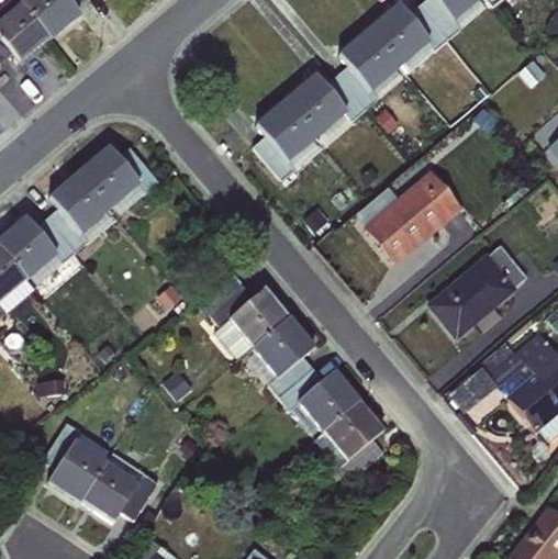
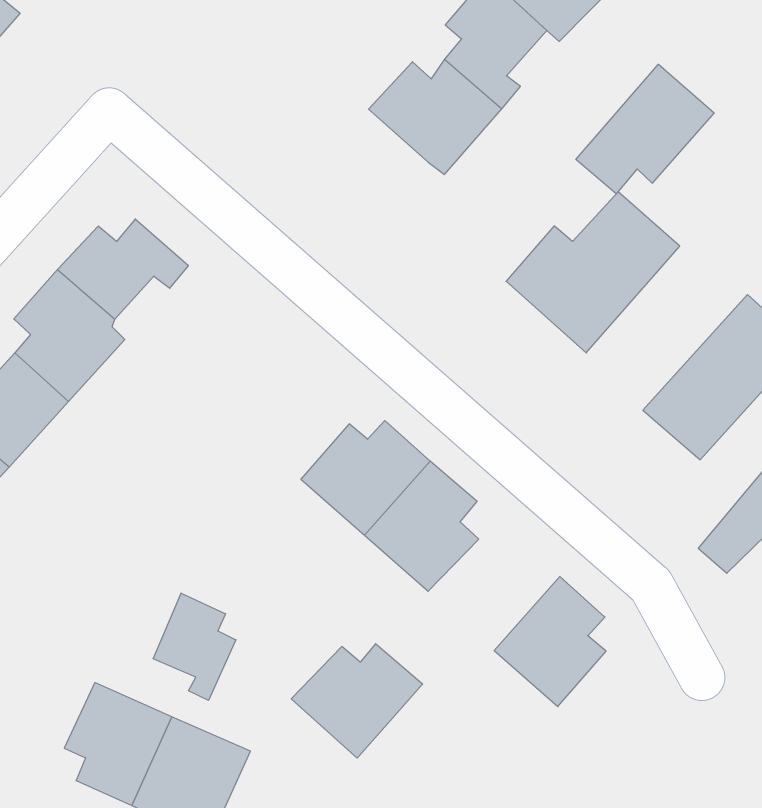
building: none -> [576,64,714,194]
building: [253,98,316,179] -> none
building: [280,369,361,438] -> [291,644,423,758]
building: none -> [153,593,236,700]

